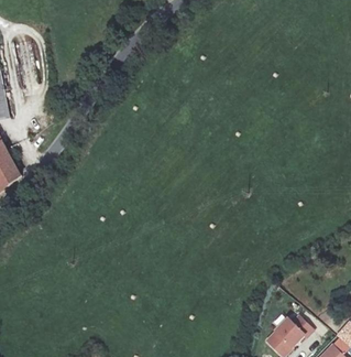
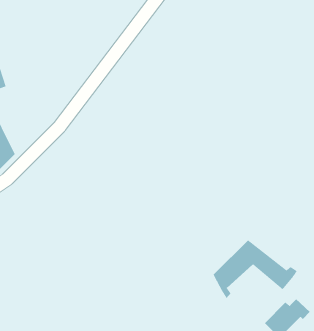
building: none -> [213,239,298,299]

